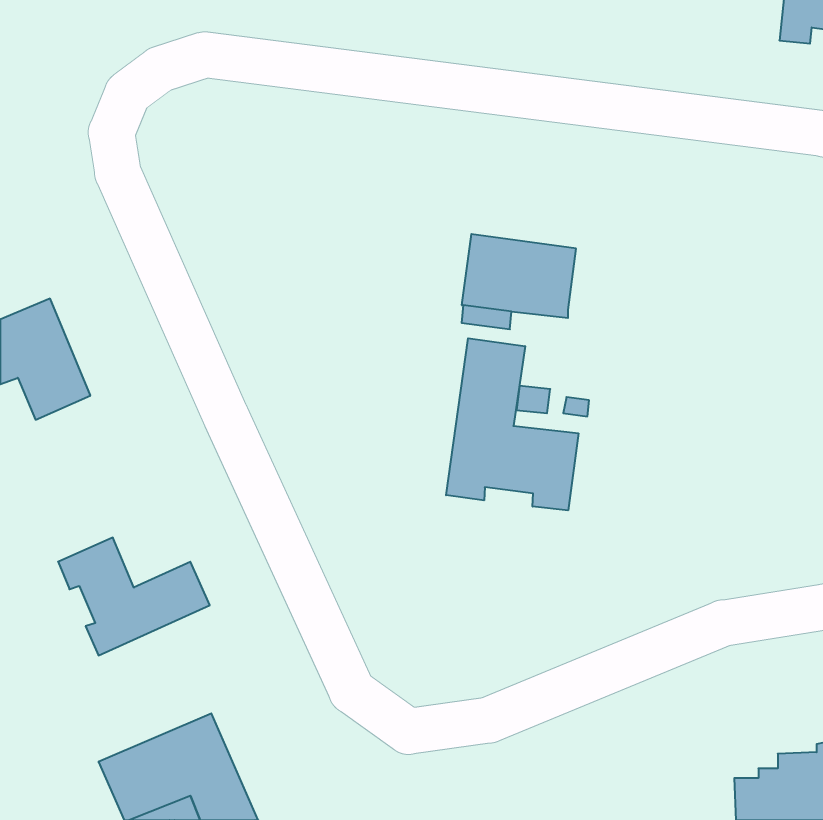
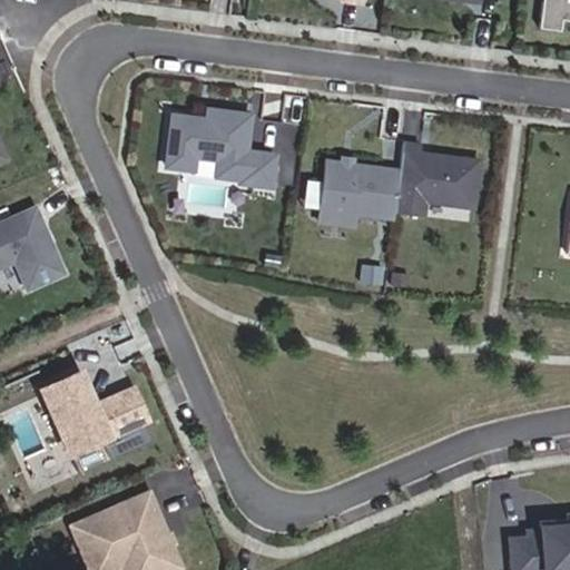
building: none -> [169,111,278,187]
building: none -> [393,144,479,217]
building: [446,338,578,510] -> none

